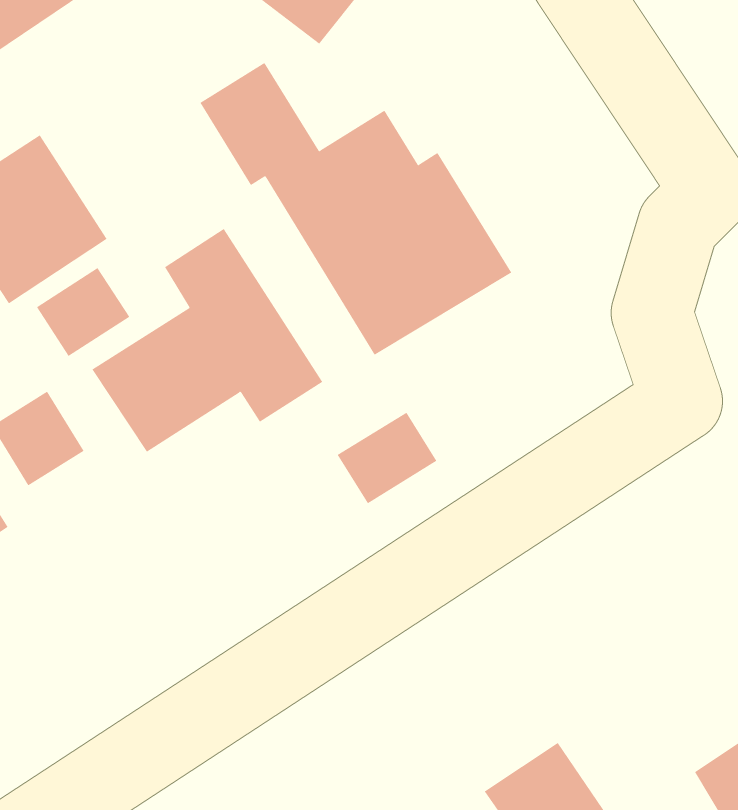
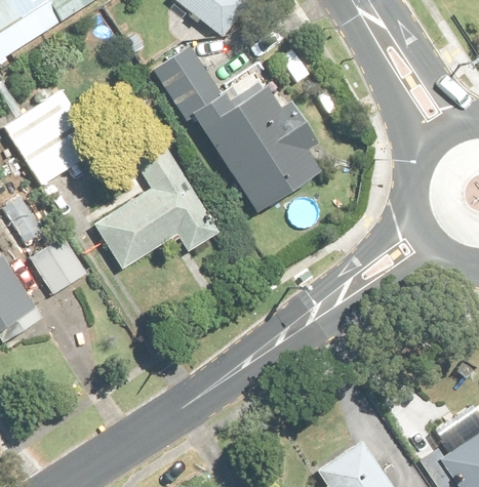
building: [36,267,130,357] -> none
building: [337,412,437,504] -> none

